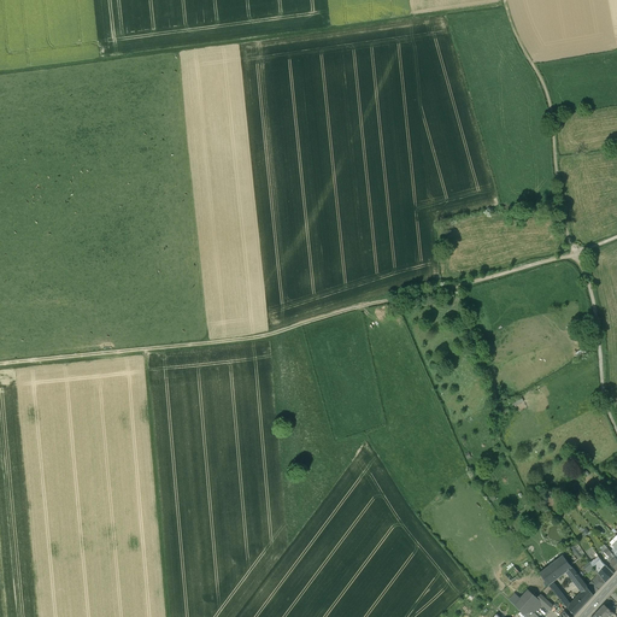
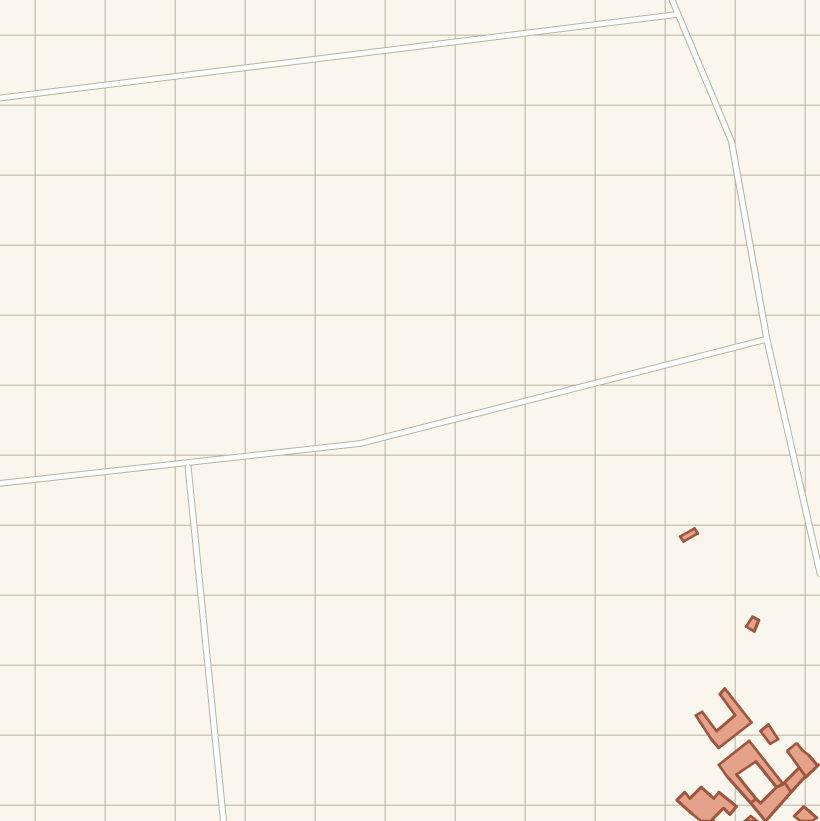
building: none -> [696,689,752,748]

